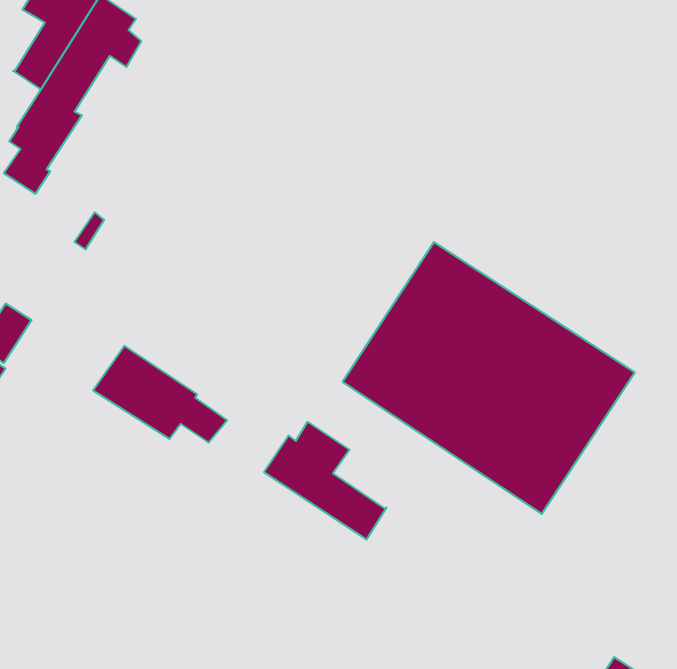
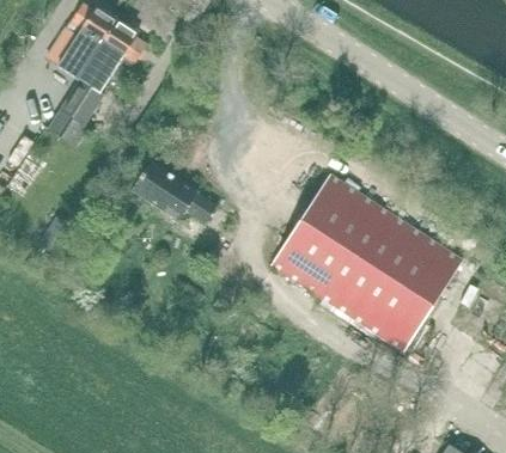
building: [93,346,227,443] -> [130,160,217,222]
building: [264,422,386,540] -> none

